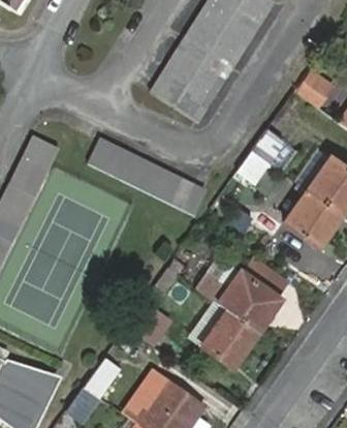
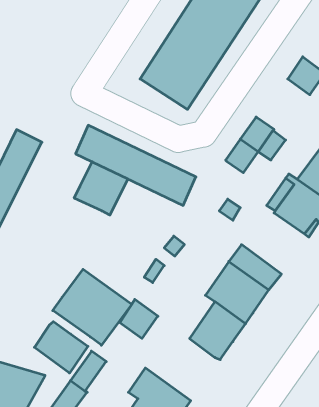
building: none -> [74,162,128,215]
building: none -> [53,269,132,345]
building: none -> [34,322,88,373]

